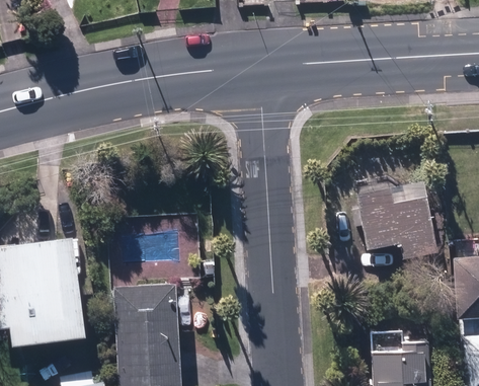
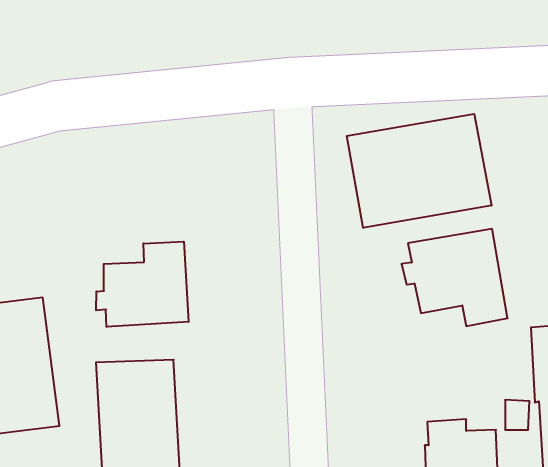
building: none -> [347,114,492,228]
building: none -> [96,242,188,327]

